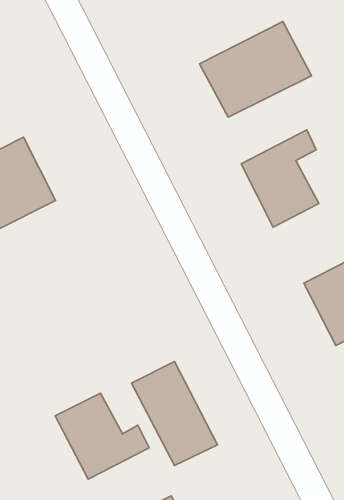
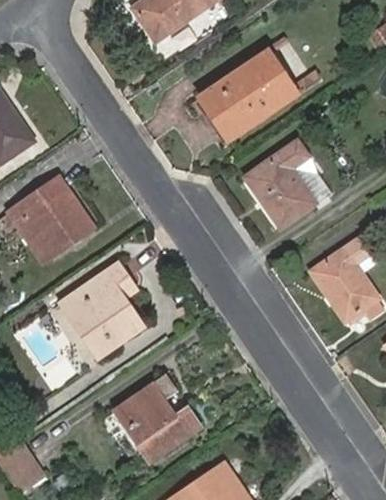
building: none -> [60,264,141,357]
building: [131,362,217,465] -> none

